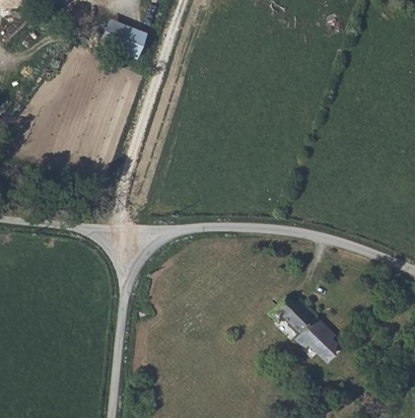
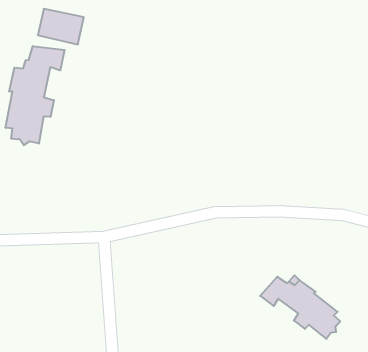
building: none -> [6,46,65,145]

